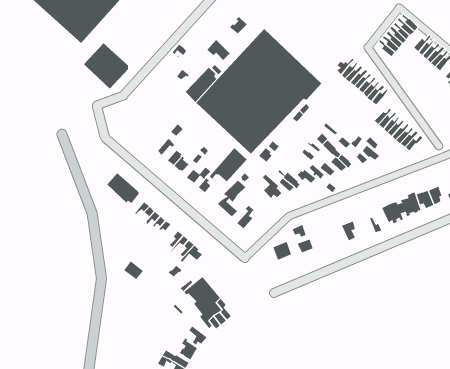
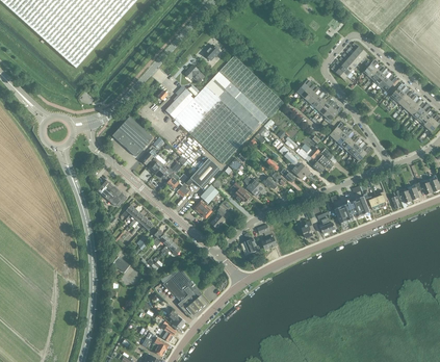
building: [83,43,129,89] -> [111,114,151,155]

